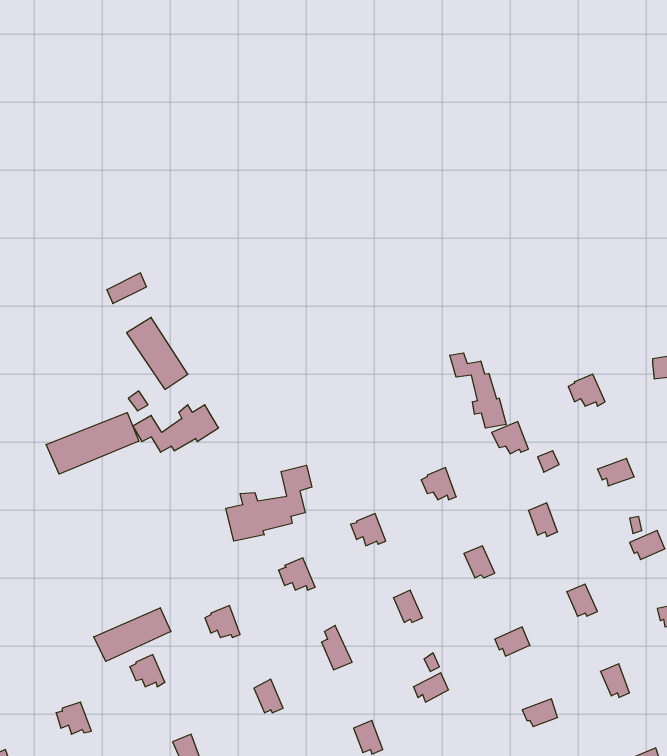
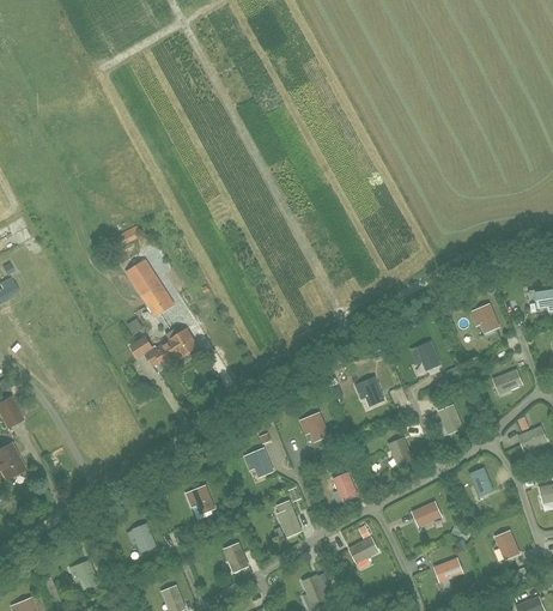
building: [450,353,506,428] -> none
building: [46,413,139,474] -> none
building: [226,465,312,541] -> none
building: [94,608,171,661] -> none

